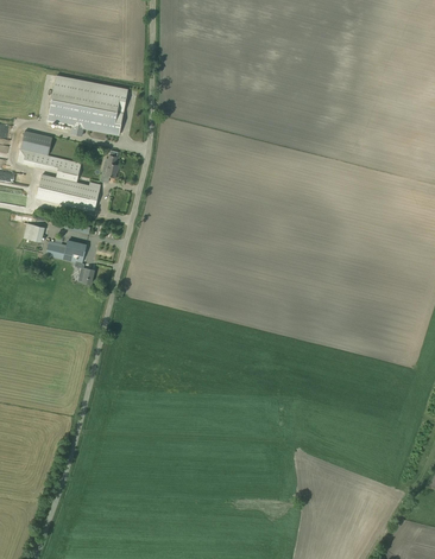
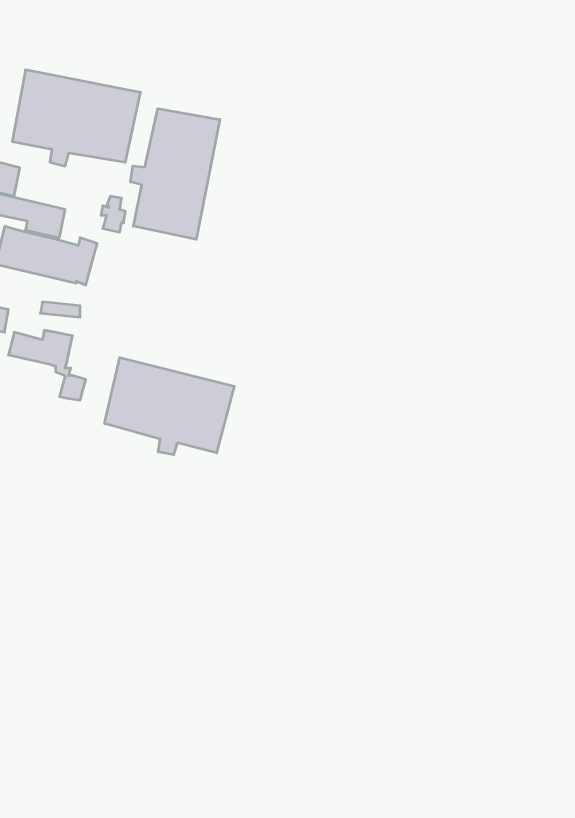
building: none -> [130,109,220,239]
building: none -> [105,358,234,455]

